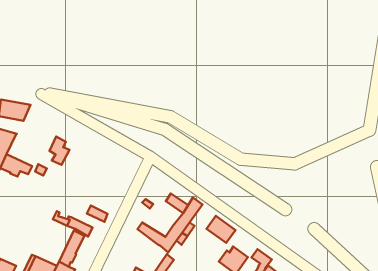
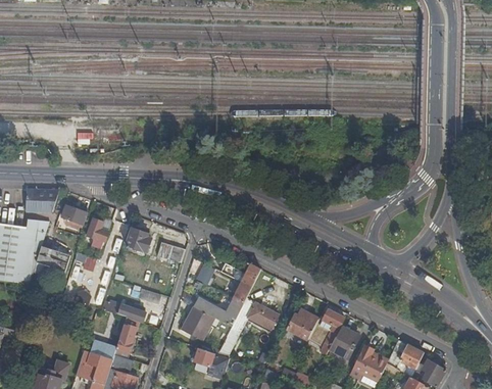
building: none -> [60,204,88,227]
building: none -> [125,227,150,251]
building: none -> [155,240,184,261]
building: [207,216,236,243] -> [246,301,278,329]
building: none -> [181,305,218,339]

